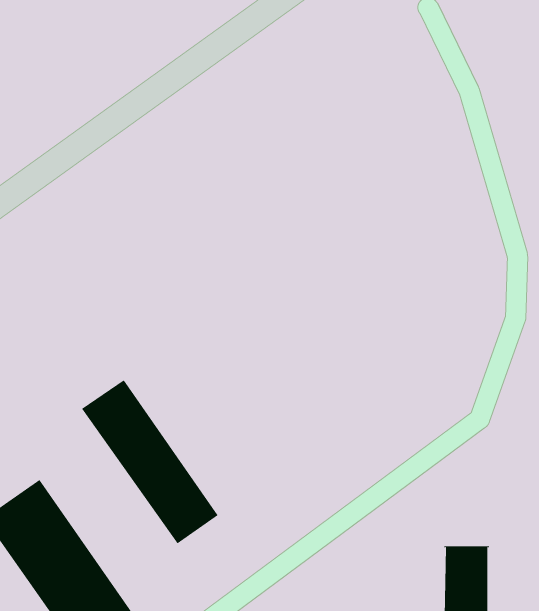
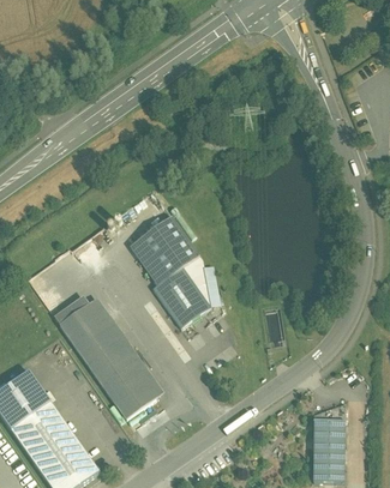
building: none -> [137,215,210,326]

